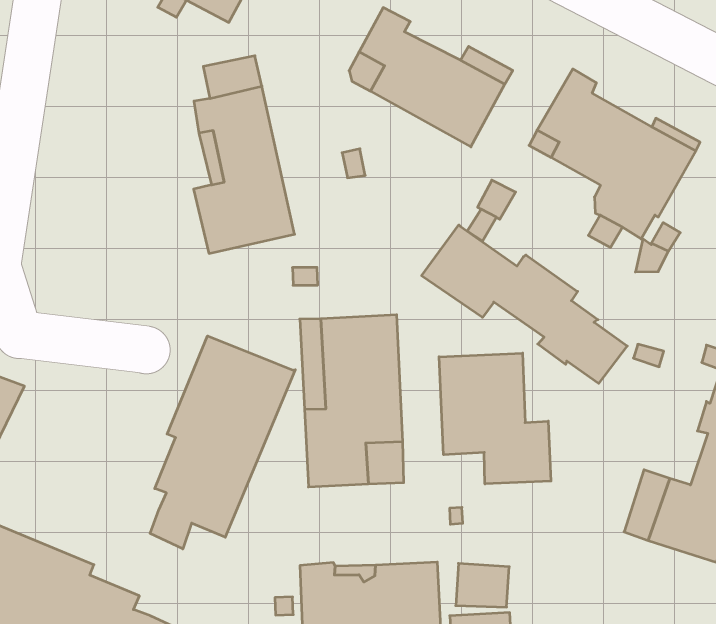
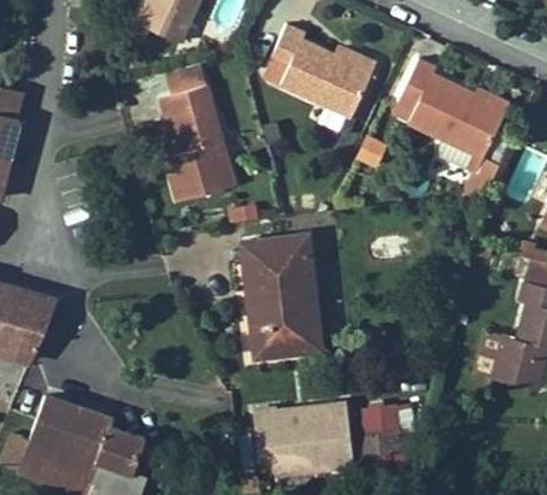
building: [422,225,627,383] -> none
building: [150,336,295,549] -> none
building: [439,353,551,484] -> none

